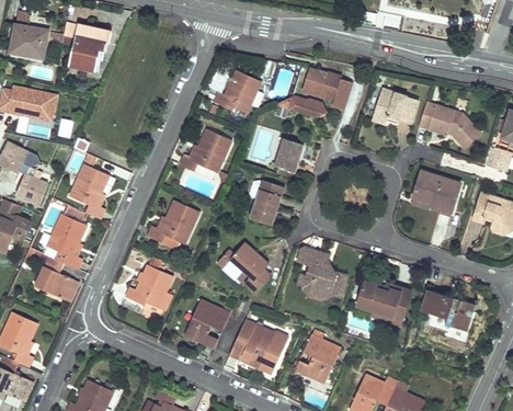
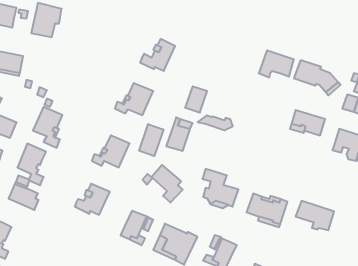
building: [303,66,351,107] -> none
building: [276,95,323,115] -> [198,116,233,130]
building: none -> [139,124,163,156]

